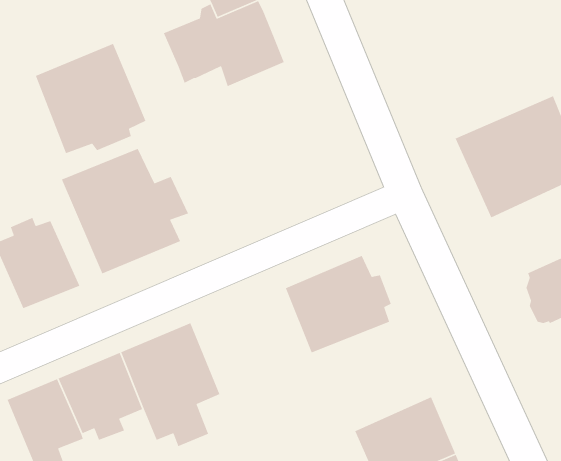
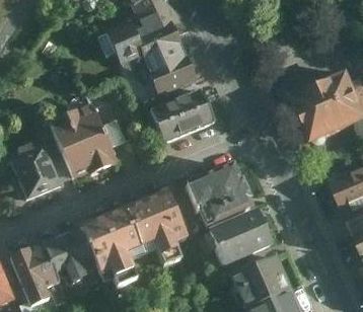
building: [35,43,147,154] -> none
building: none -> [148,47,198,92]
building: none -> [147,86,216,142]
building: none -> [127,189,188,262]
building: none -> [204,209,272,267]

